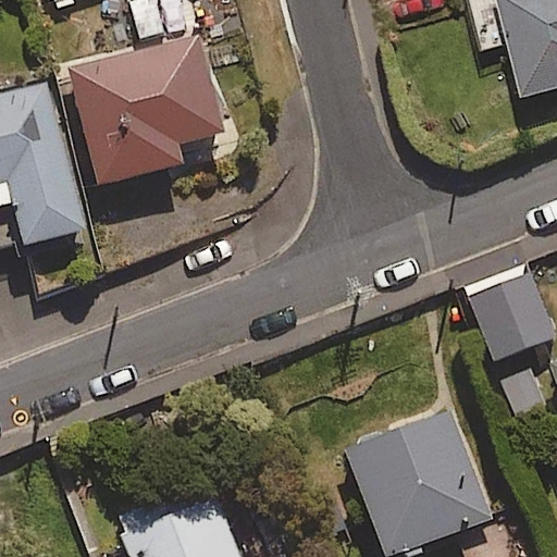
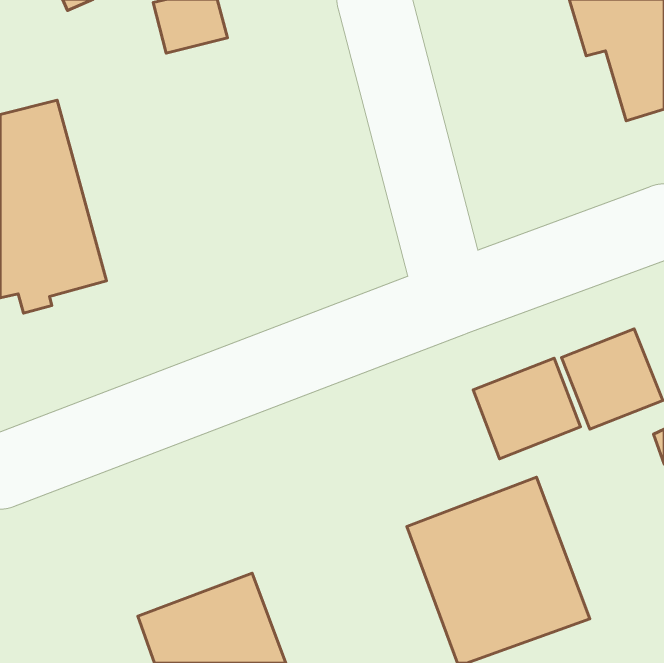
building: [67,34,227,191] -> none
building: none -> [473,358,581,459]

